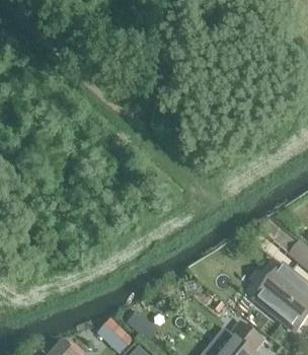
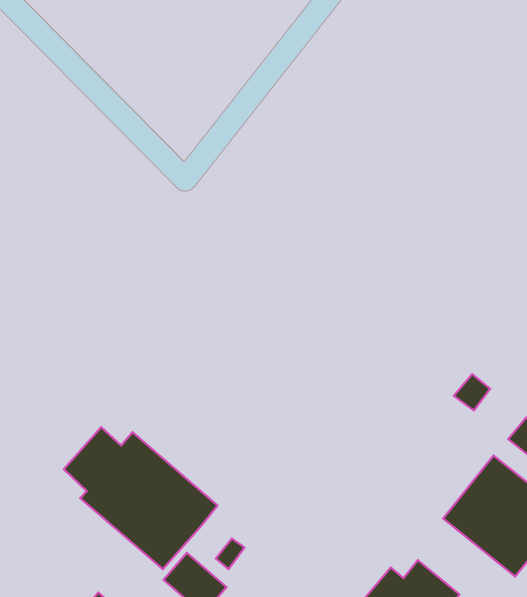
building: none -> [64,427,218,569]

